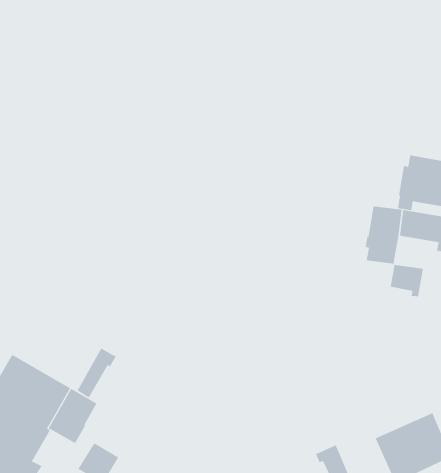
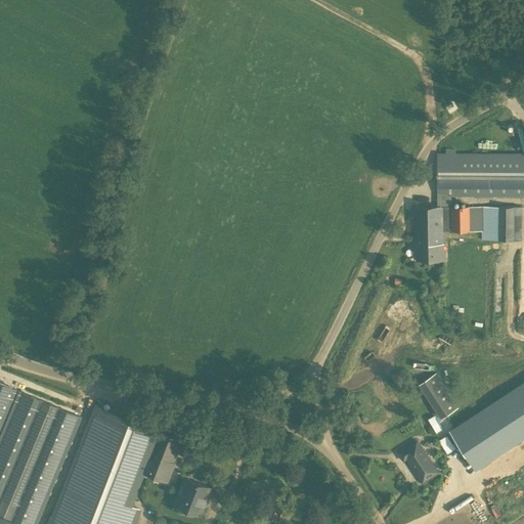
building: [390,264,423,297] -> none
building: [77,347,116,398] -> none
building: none -> [418,373,458,420]

